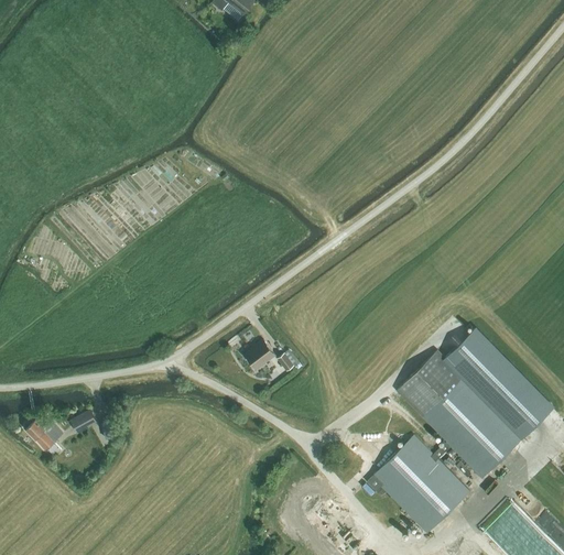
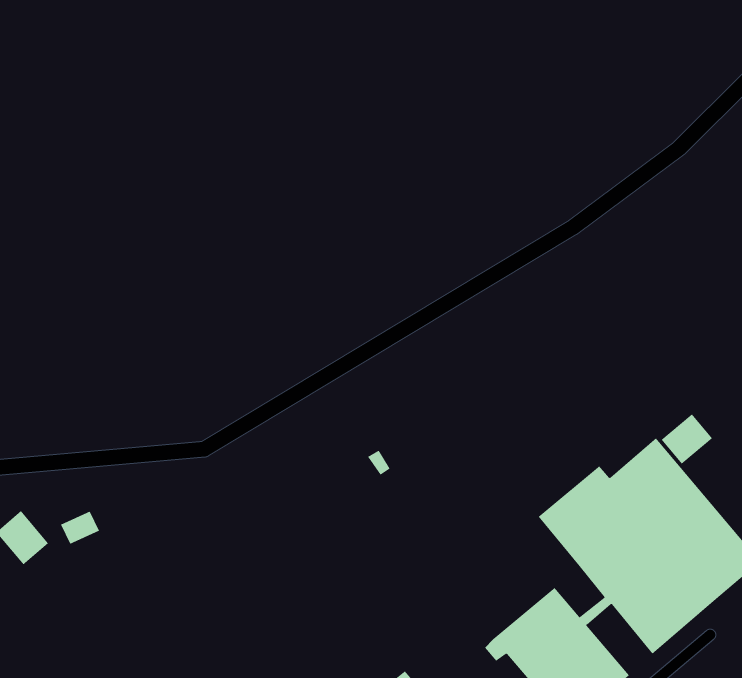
building: none -> [661,414,713,465]
building: [246,340,275,369] -> none

